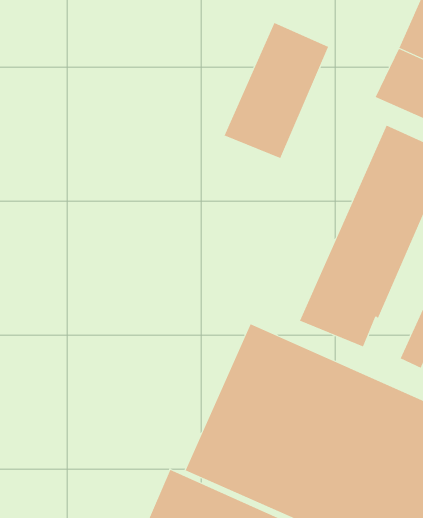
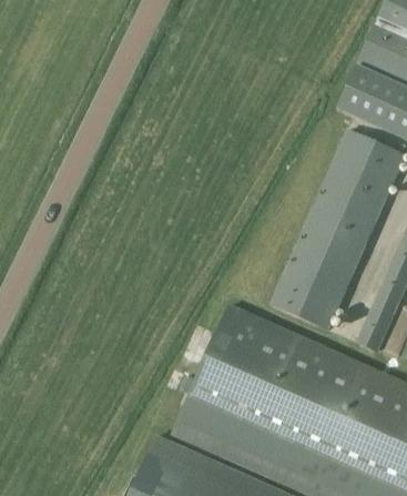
building: [224,22,329,159] -> none

